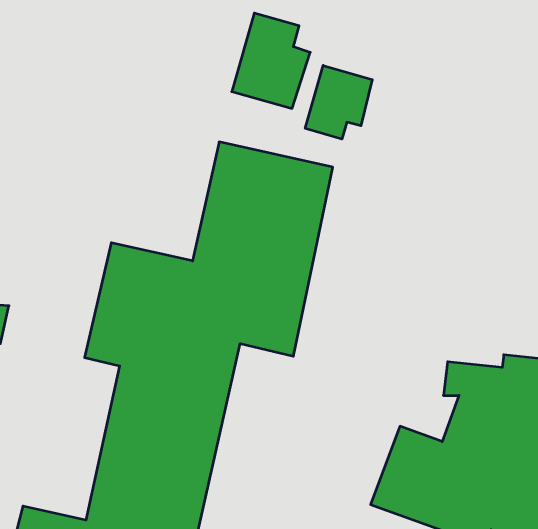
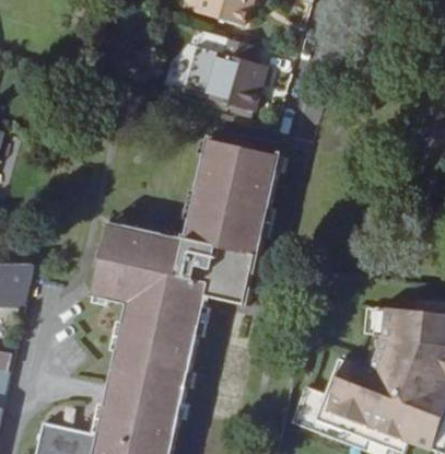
building: [305,65,372,139] -> none

